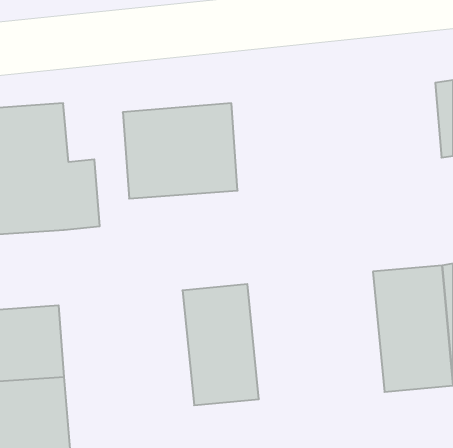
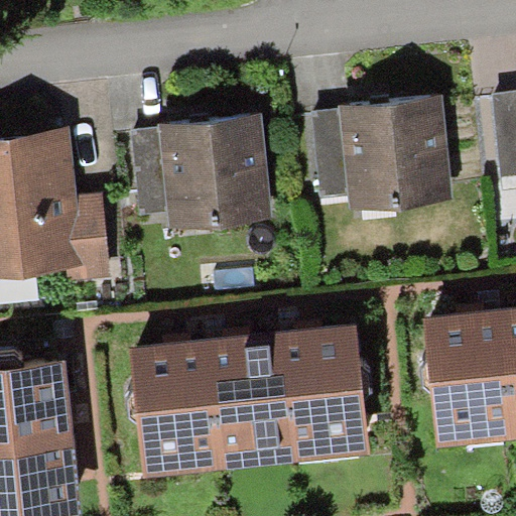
building: none -> [309,105,449,215]
building: none -> [280,322,371,460]
building: none -> [128,337,220,475]

